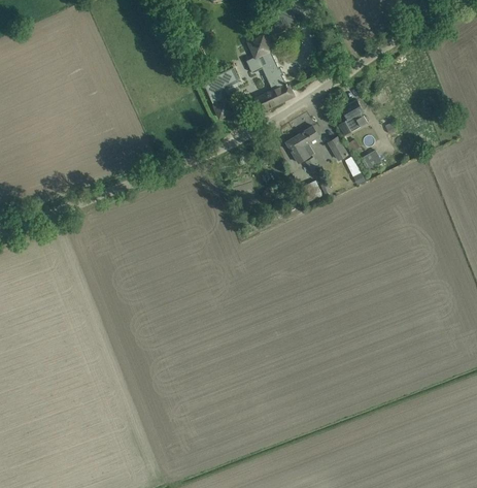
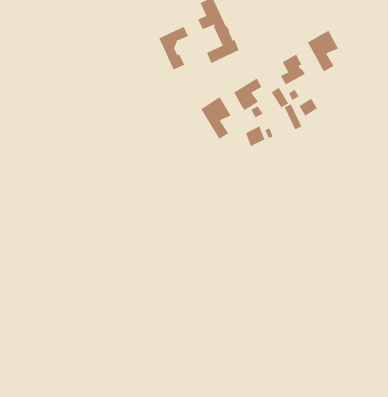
building: none -> [307,30,339,72]
building: none -> [200,96,231,140]

